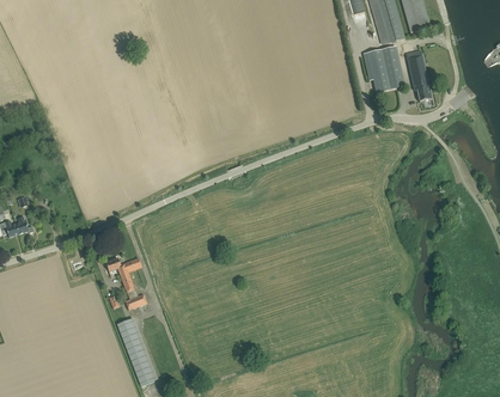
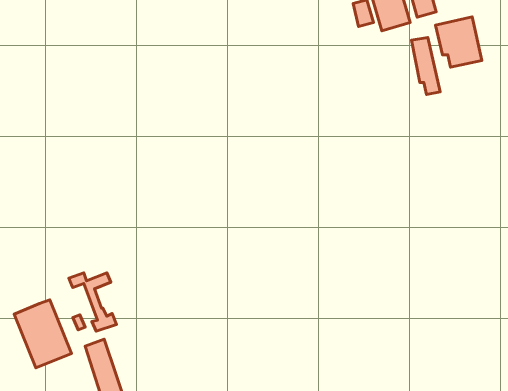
building: [364,47,404,91] -> [436,17,482,67]
building: none -> [14,300,71,368]

